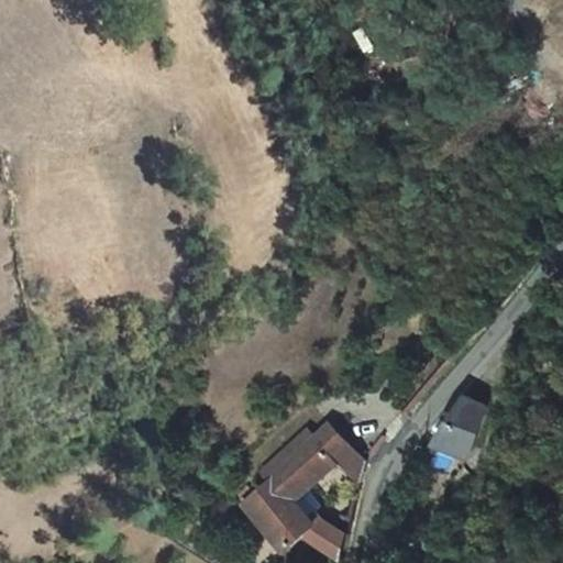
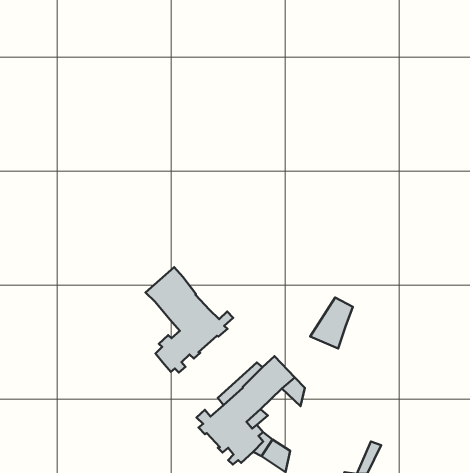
building: none -> [146,267,233,372]
building: [431,398,482,459] -> [310,298,353,349]

